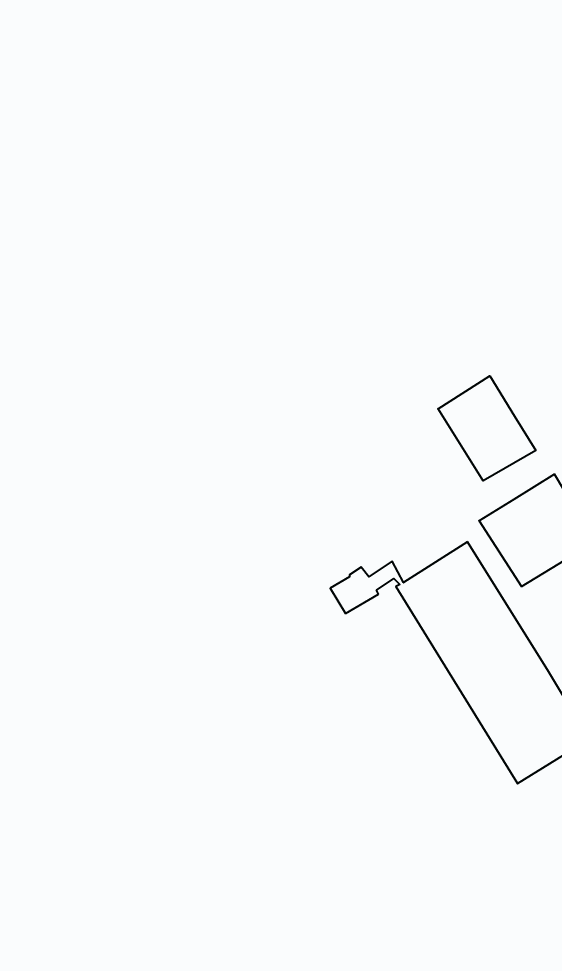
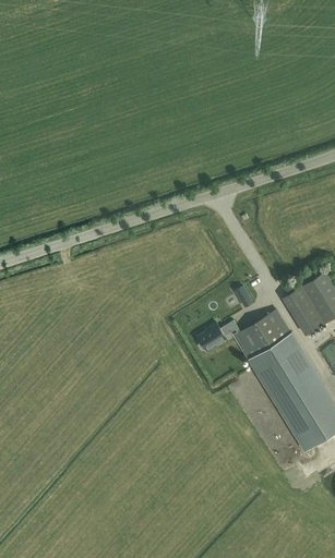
building: [438,376,536,481] -> none

